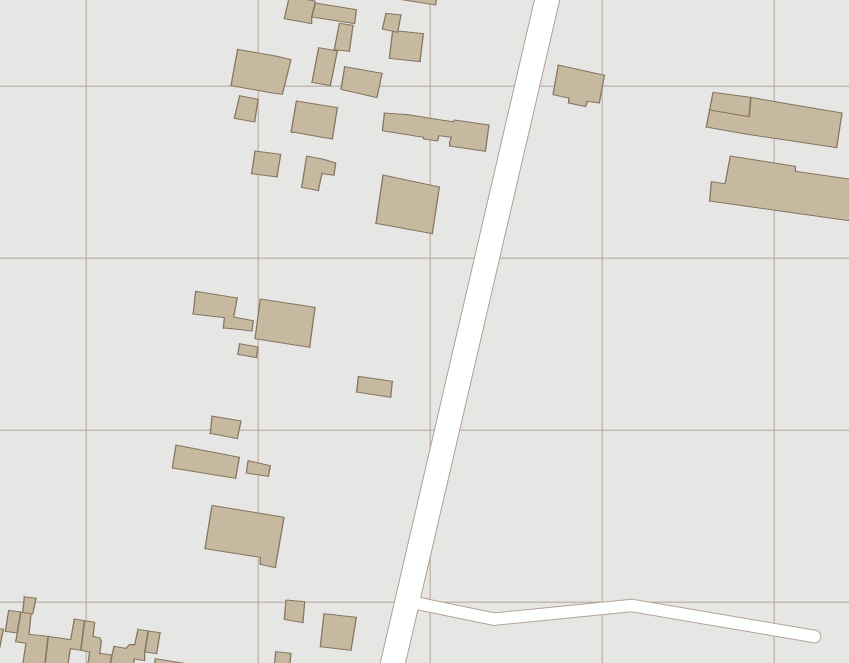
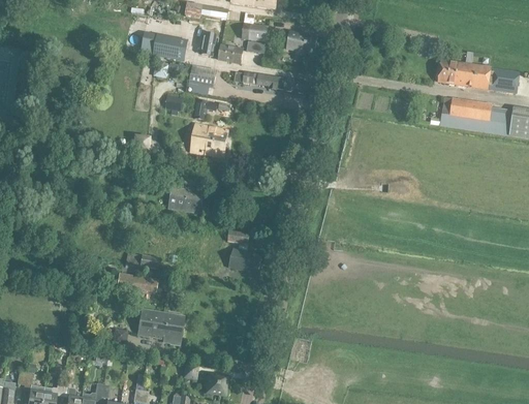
building: [553,65,605,106] -> [286,30,317,55]
building: [376,175,440,234] -> [190,122,228,157]
building: [193,291,253,331] -> none
building: none -> [228,247,261,274]

